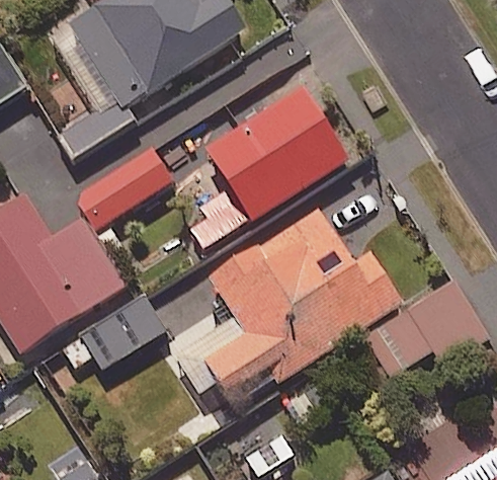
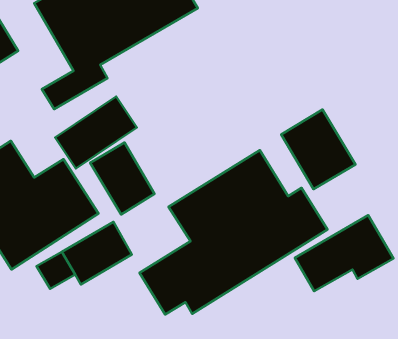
building: [185,85,352,246] -> none
building: none -> [281,109,355,189]
building: none -> [90,142,155,214]

